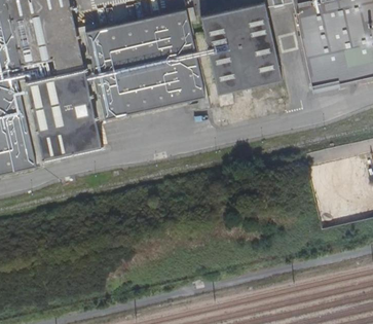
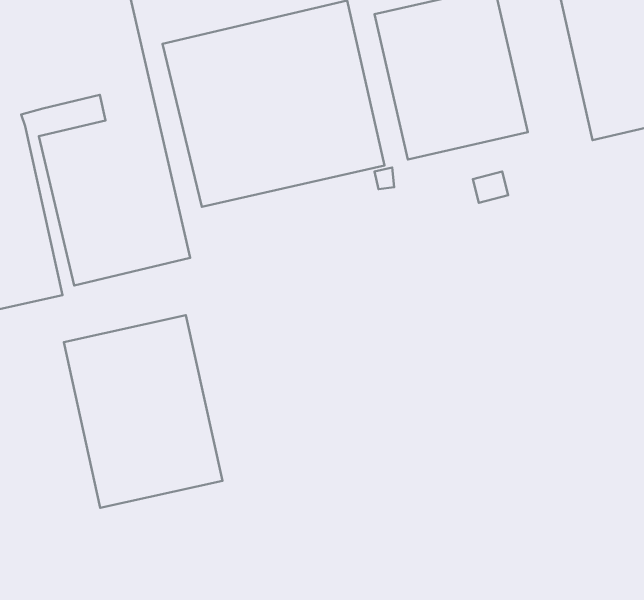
building: none -> [64,315,222,508]

